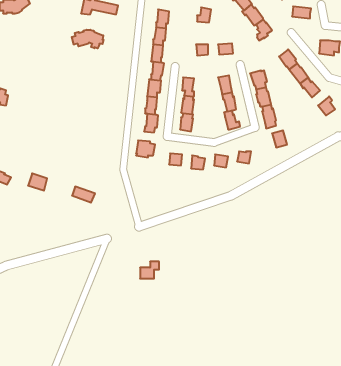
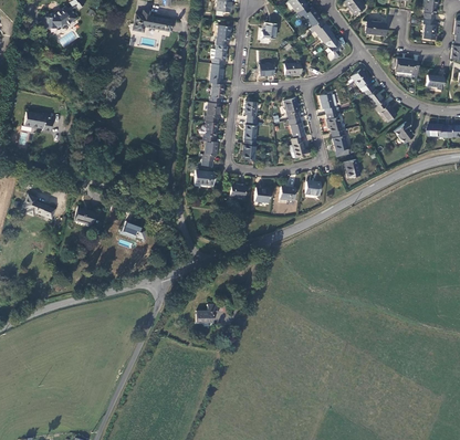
building: [72,30,103,48] -> none

